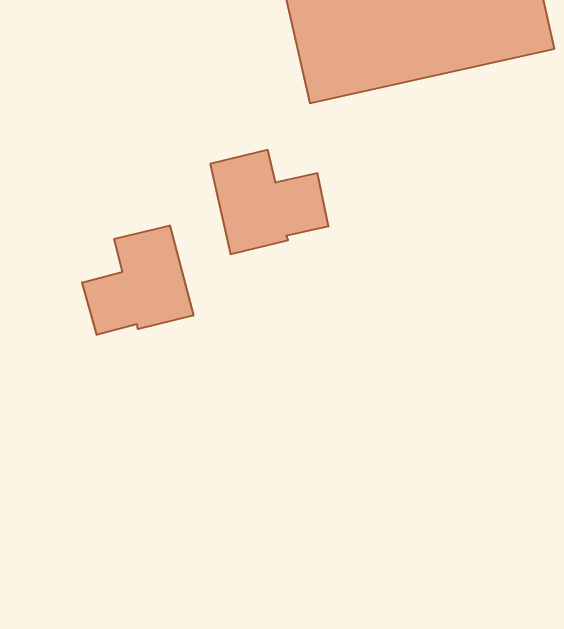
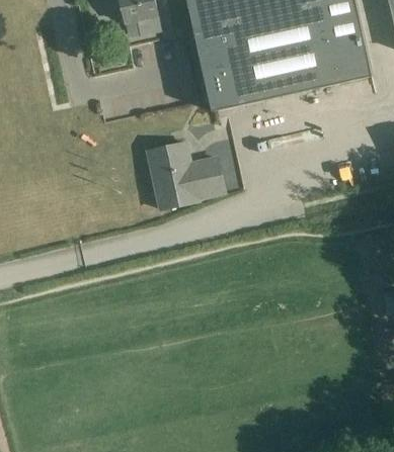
building: [82,225,193,335] -> none

